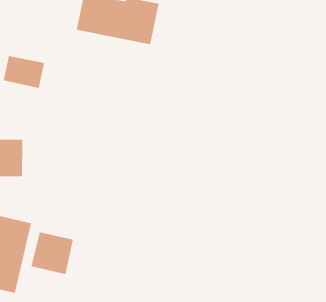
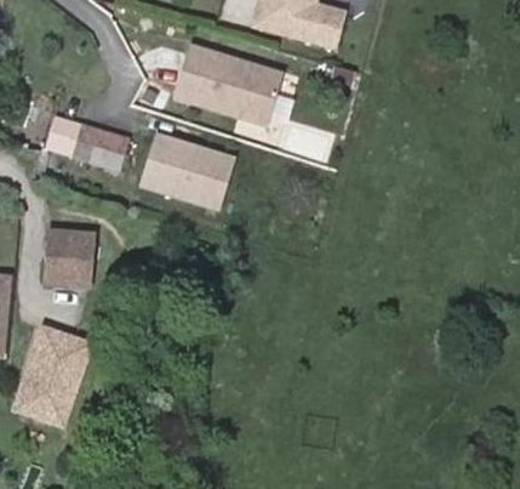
building: none -> [141,126,240,207]
building: [31,231,74,275] -> none

